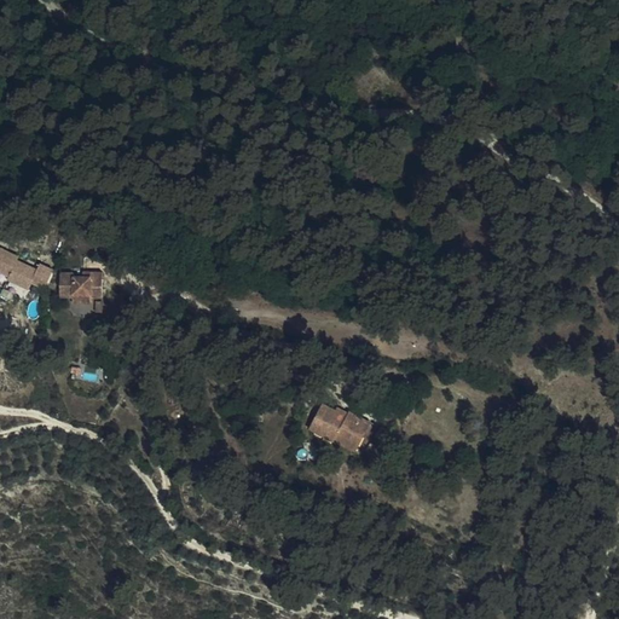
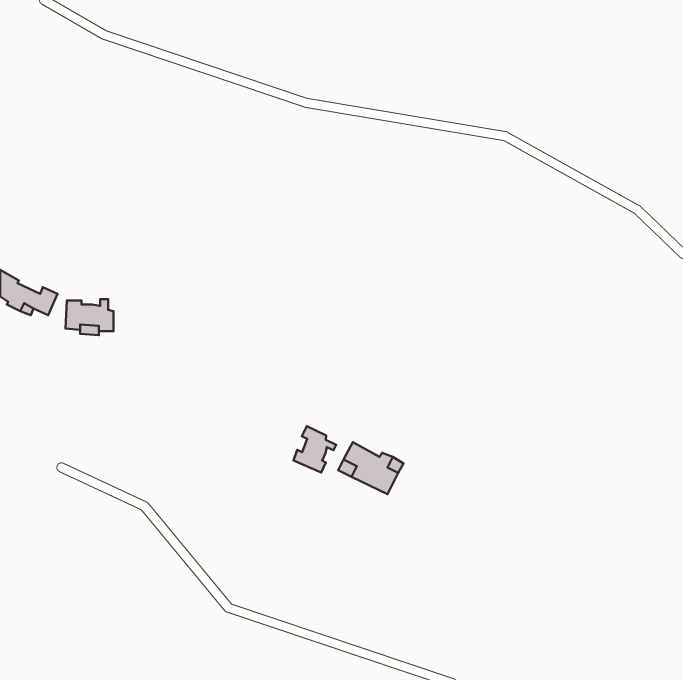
building: none -> [293,426,336,473]

